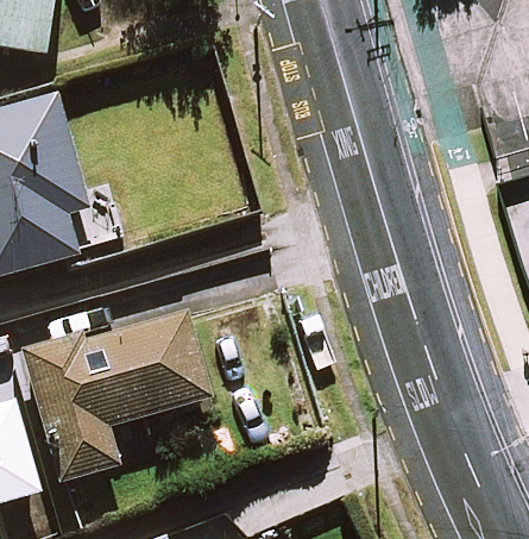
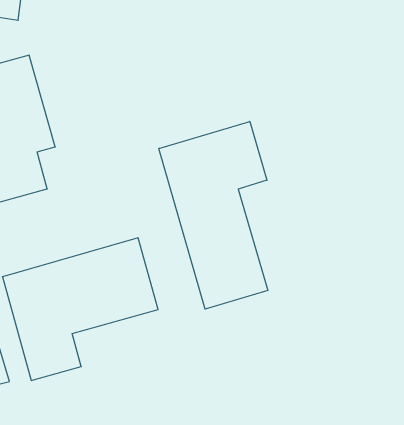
building: none -> [159,121,268,309]

